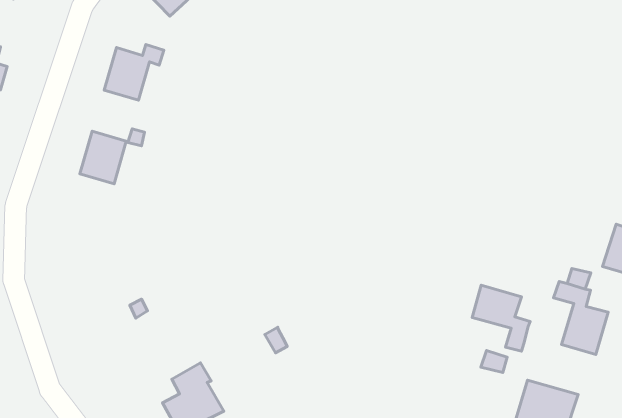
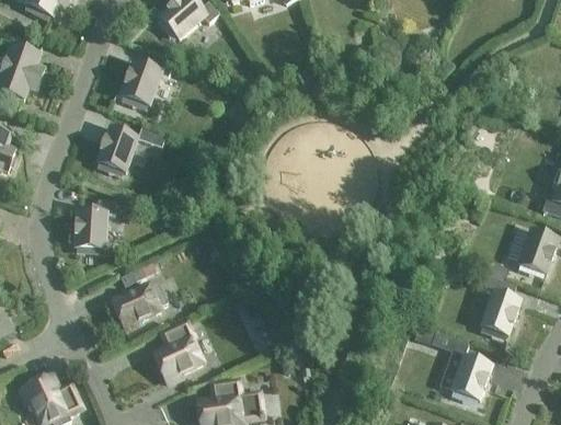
building: none -> [75,199,115,249]
building: [472,285,530,351] -> none
building: none -> [110,284,167,331]

